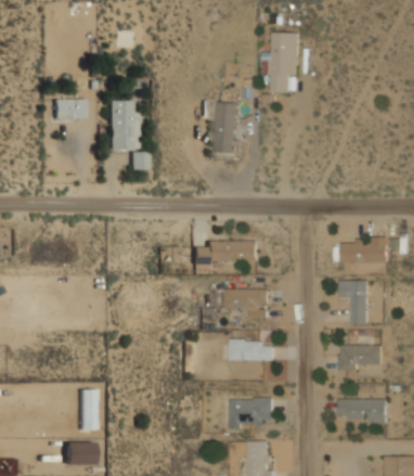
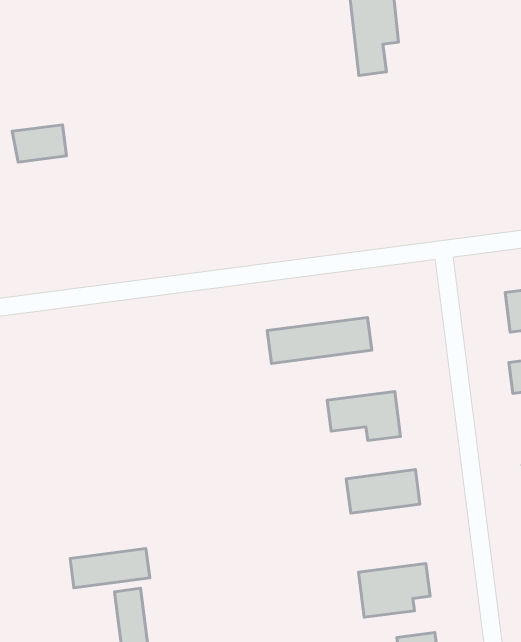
building: [108,101,146,169] -> none
building: [216,103,235,153] -> none
building: none -> [70,548,150,588]

